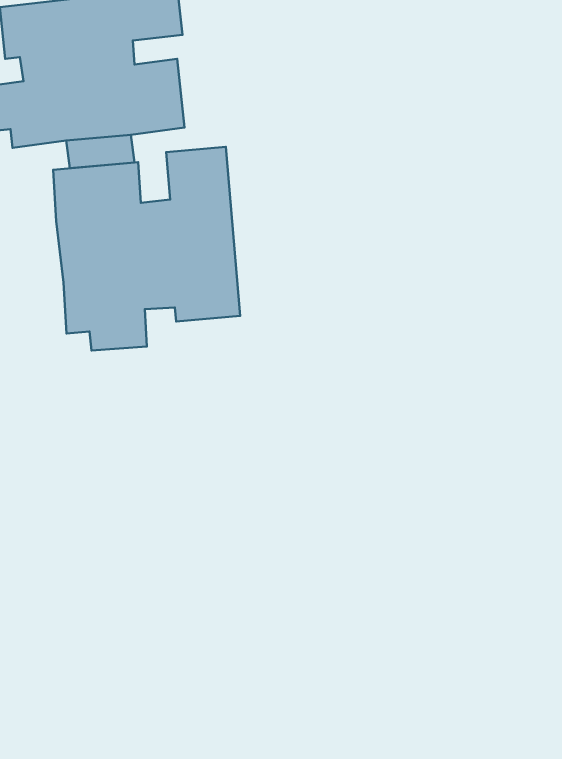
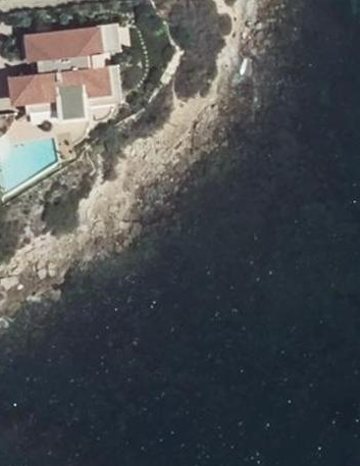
building: [53,147,240,351] -> none

